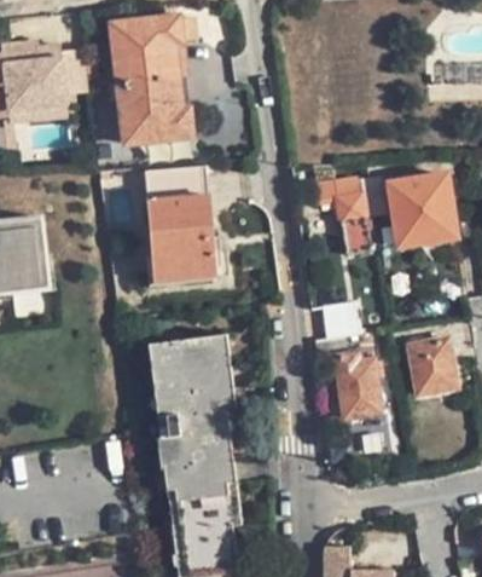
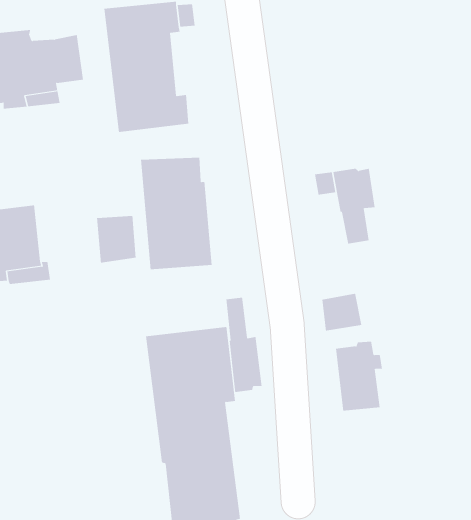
building: [368,177,454,247] -> none
building: none -> [96,215,136,263]
building: none -> [226,297,262,393]
building: [407,339,454,396] -> none

